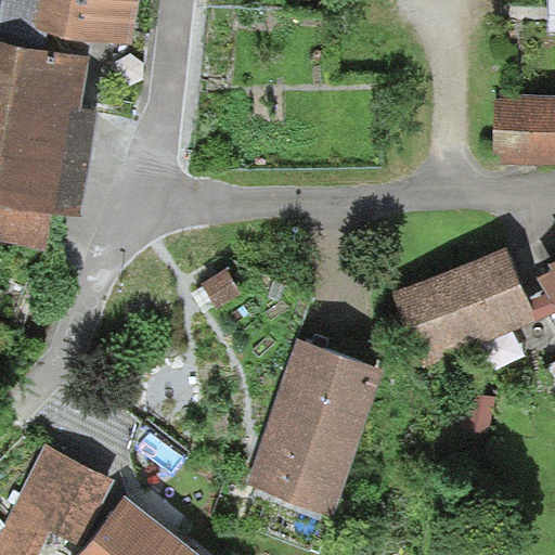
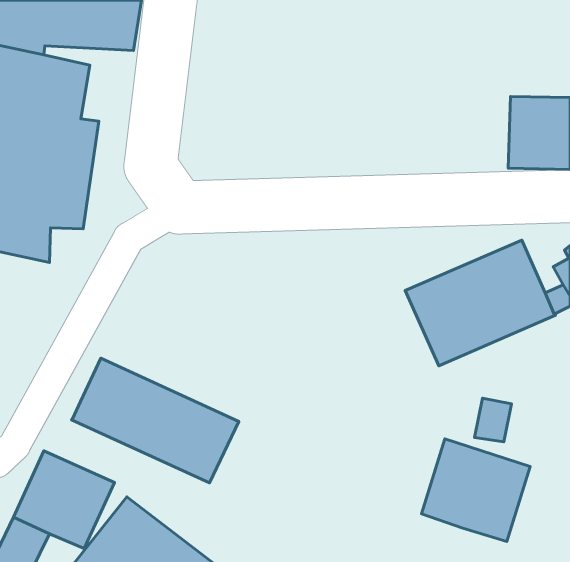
building: [248,333,379,508] -> none
building: none -> [71,358,239,483]
building: none -> [422,439,530,541]

